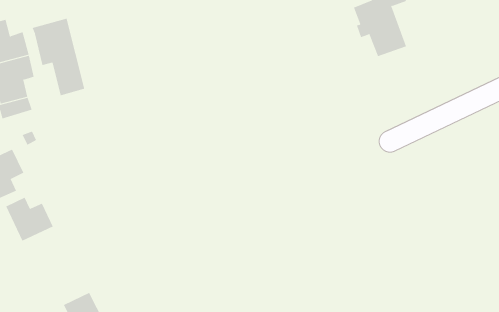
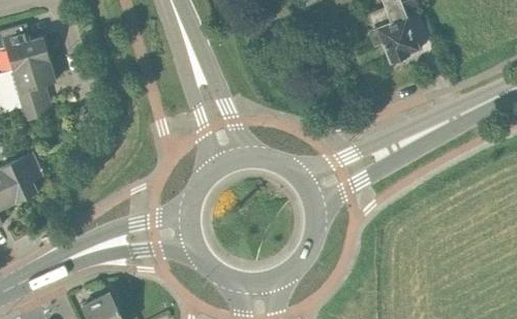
building: [32,18,85,96] -> none
building: [5,197,53,242] -> none

